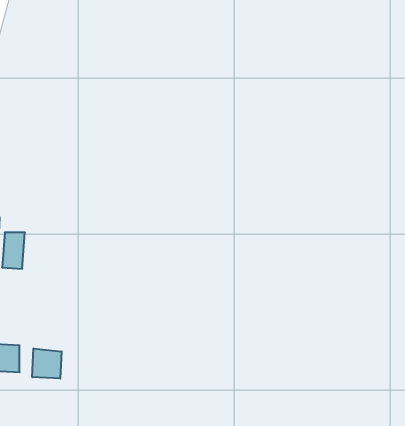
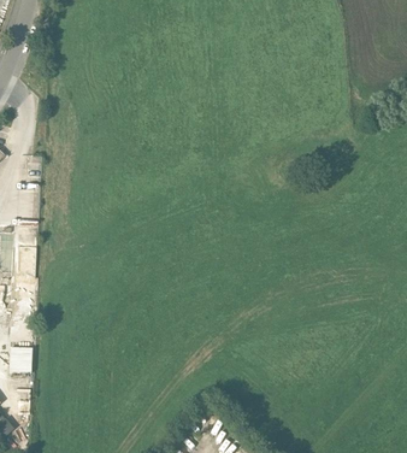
building: [32,348,62,379] -> none

